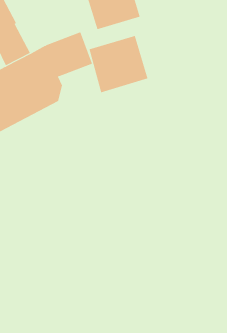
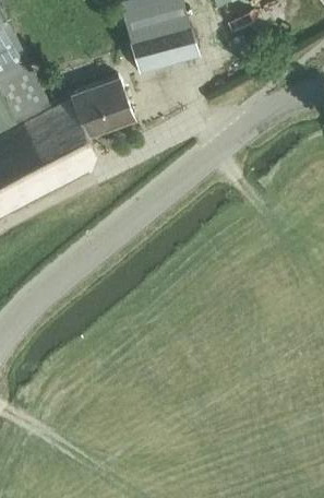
building: [89,35,148,93] -> none

